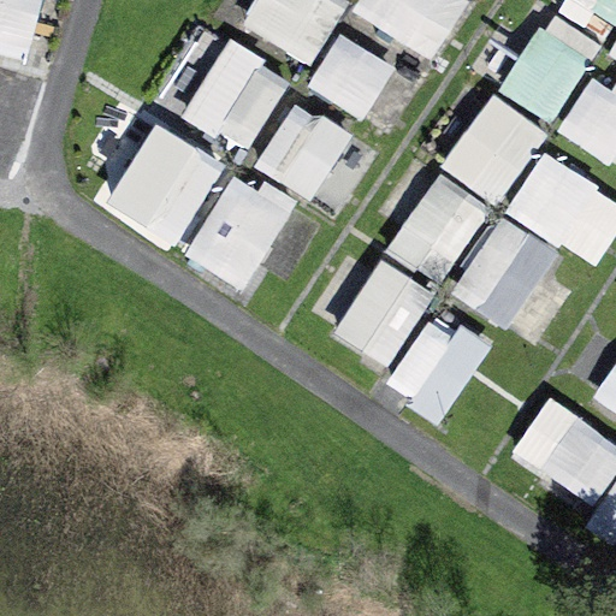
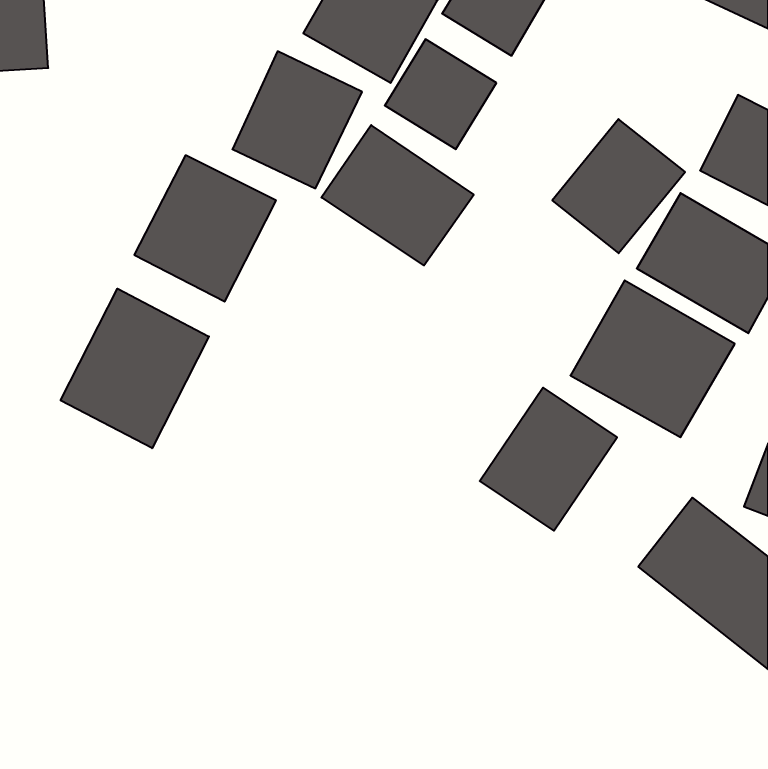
building: [502,13,602,122] -> none
building: [373,165,487,279] -> none
building: [184,167,297,296] -> none
building: none -> [61,289,209,448]
building: [331,263,428,369] -> none

